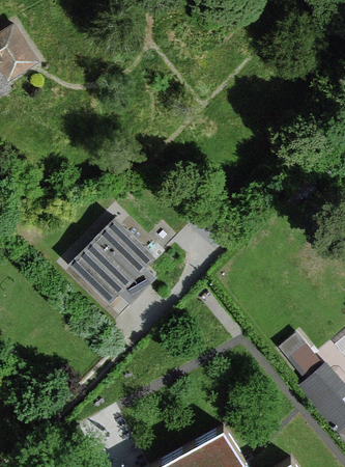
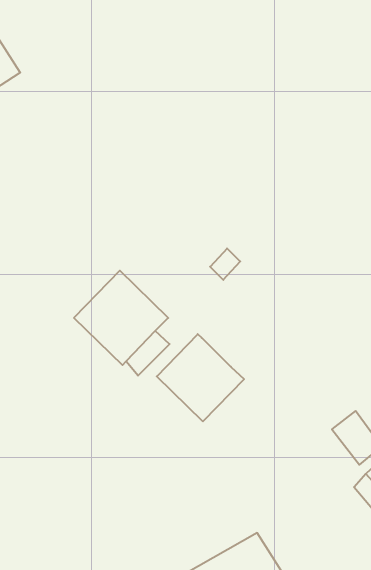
building: none -> [157,334,244,421]

